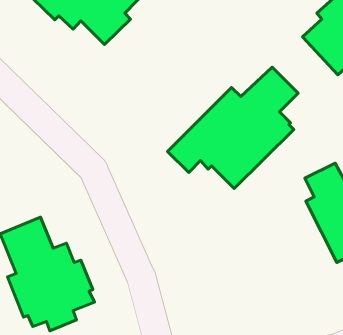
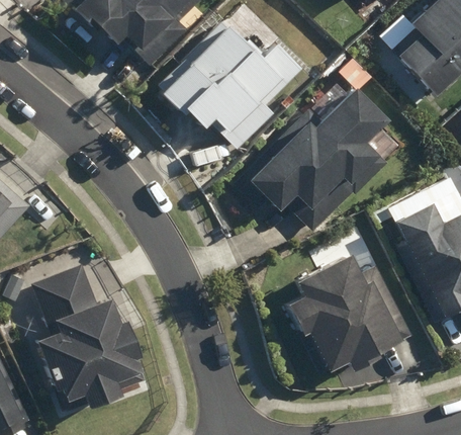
building: none -> [160,21,302,149]
building: none -> [289,252,408,374]

